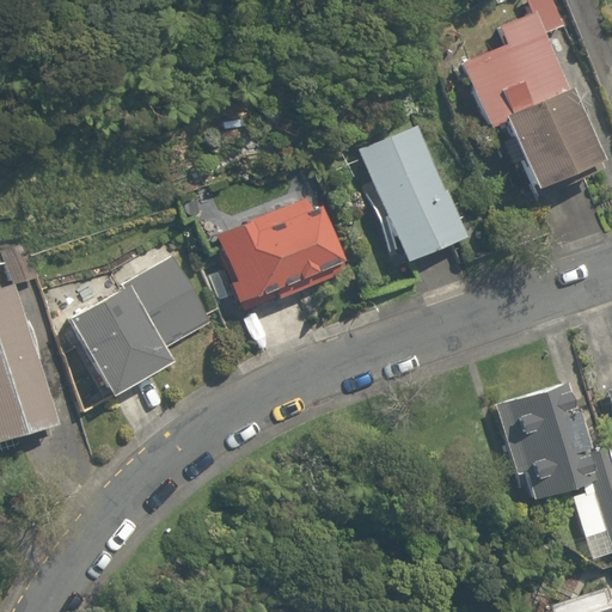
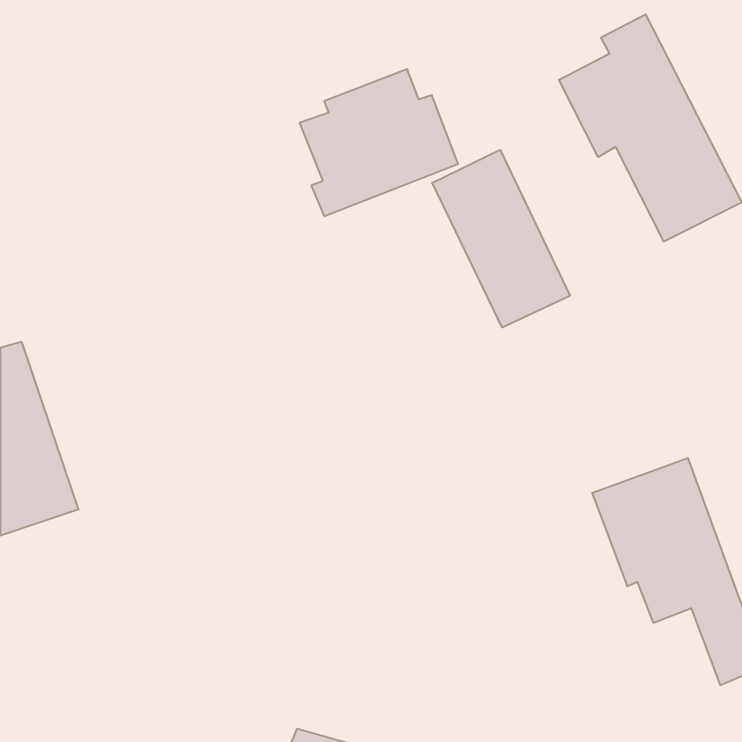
building: [220,194,350,314] -> [300,69,458,216]
building: [66,252,204,393] -> none

